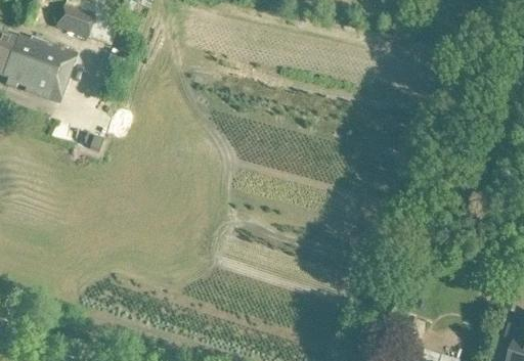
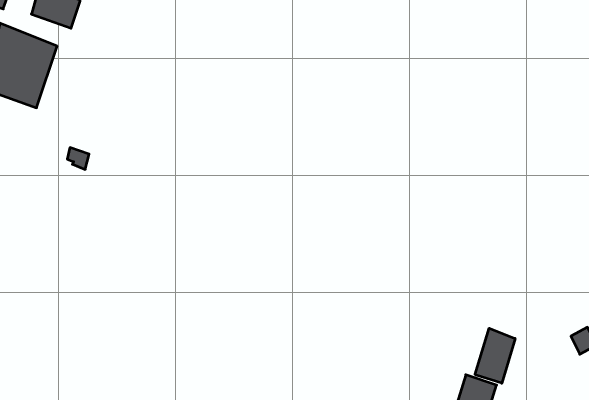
building: none -> [475,328,515,383]

